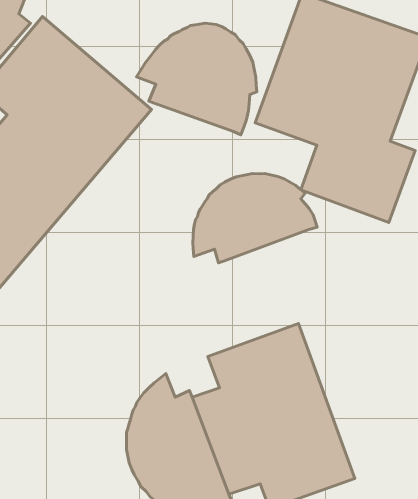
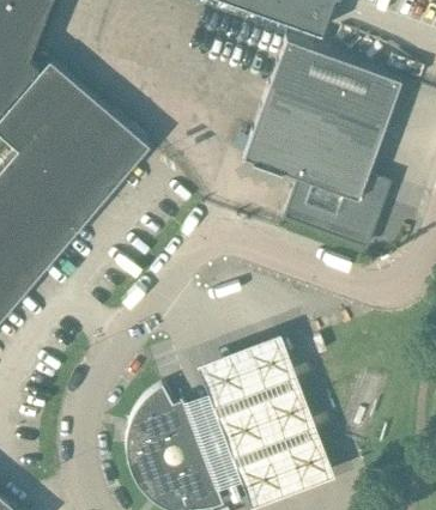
building: [136,23,257,135] -> none
building: [193,173,317,263] -> none

